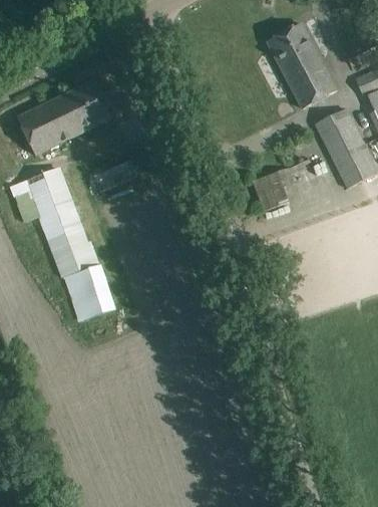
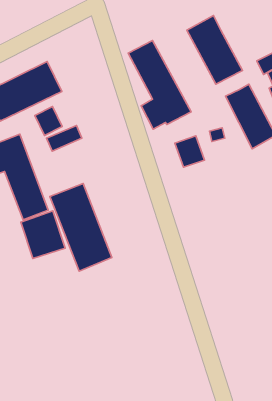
building: none -> [128,40,191,129]
building: none -> [35,107,62,136]
building: none -> [50,183,112,271]

